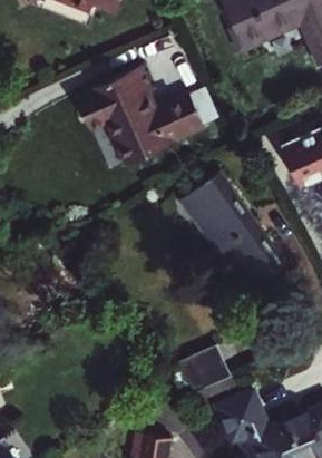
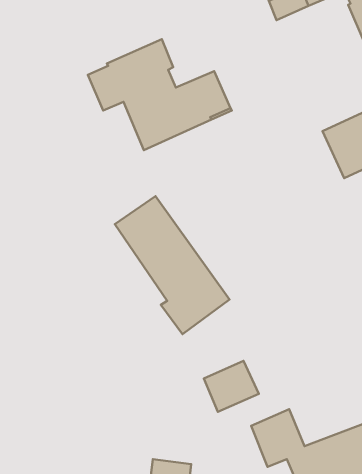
building: [182,174,282,294] -> [115,196,230,334]

